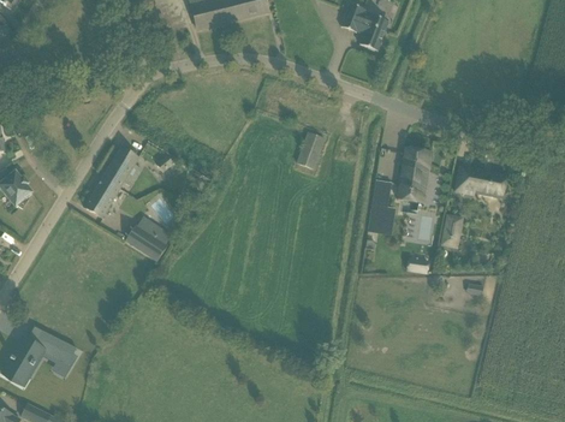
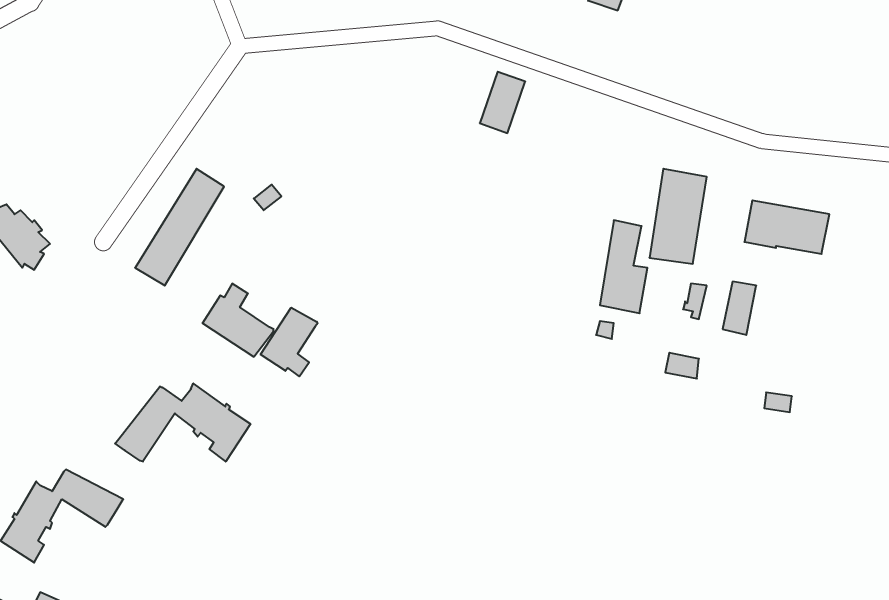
building: [297,131,325,168] -> [480,72,525,133]
building: none -> [261,308,318,376]
building: none -> [115,383,250,462]

